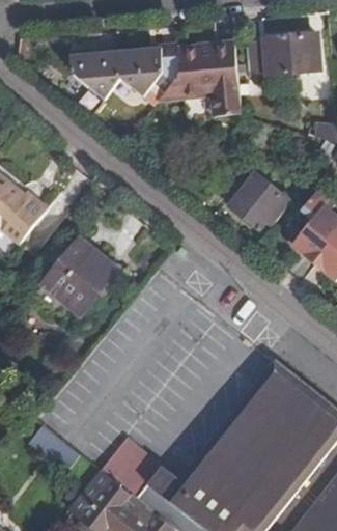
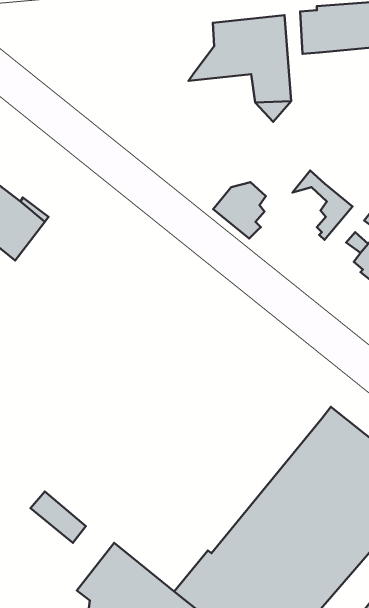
building: [69,48,180,96] -> none
building: [229,183,272,228] -> [213,182,266,239]
building: [45,234,114,309] -> none
building: [100,436,175,509] -> none

